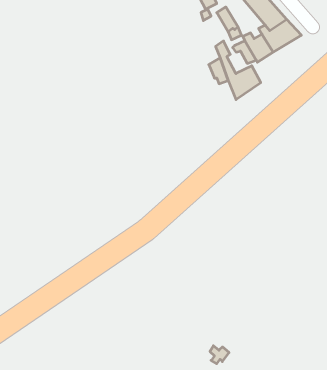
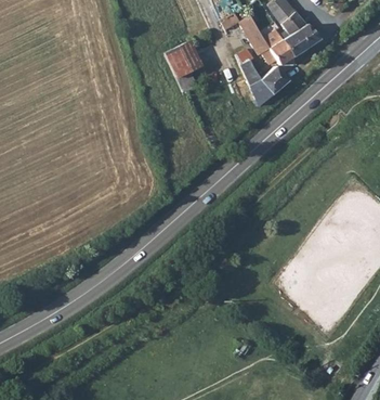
building: none -> [169,43,204,81]

